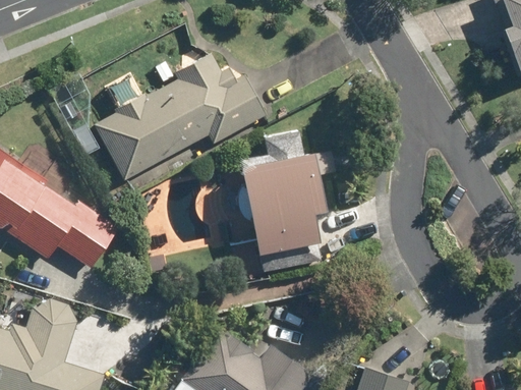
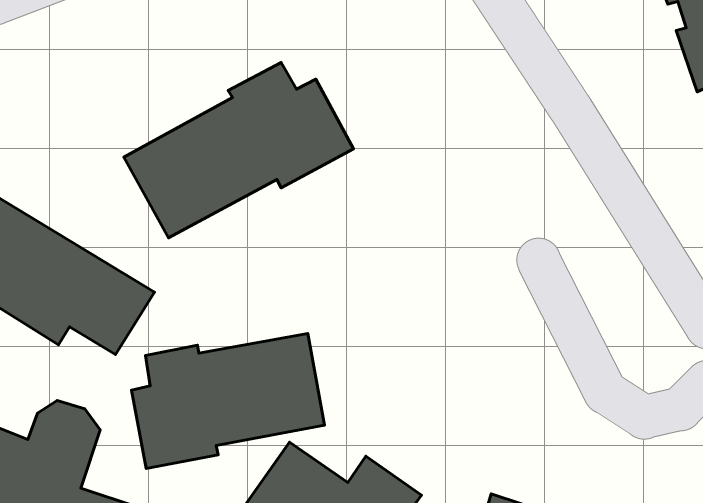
building: [236,134,336,258] -> none
building: none -> [131,334,324,469]

